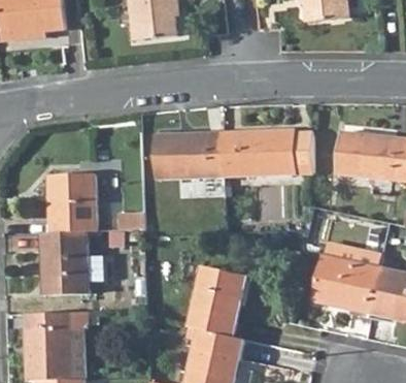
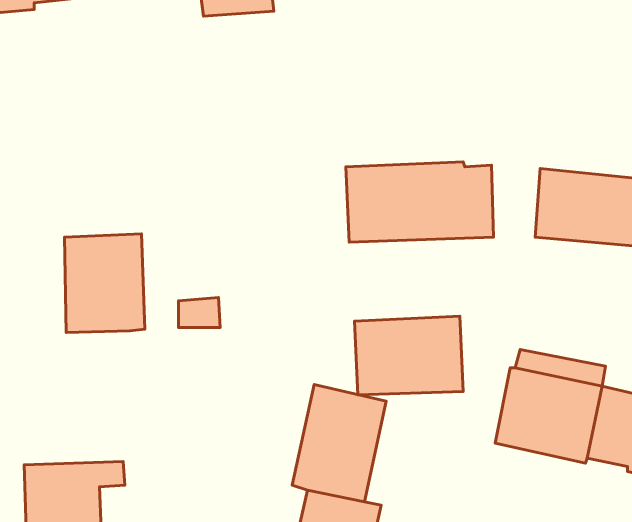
building: [156,131,223,180] -> [354,316,463,395]
building: [40,232,103,295] -> none

